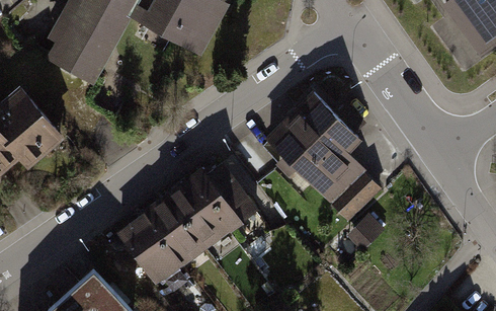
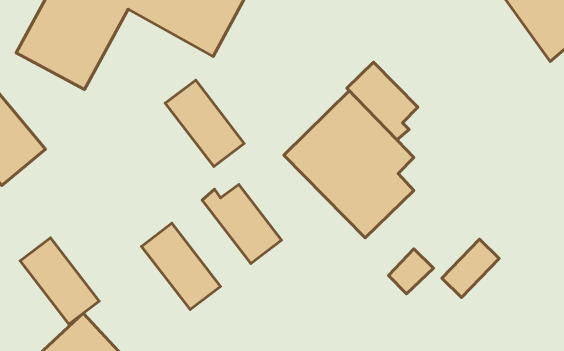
building: none -> [347,62,418,140]
building: [334,175,382,224] -> [442,239,499,298]
building: [167,176,233,248] -> [165,80,244,166]
building: [116,215,182,287] -> [20,238,99,324]

